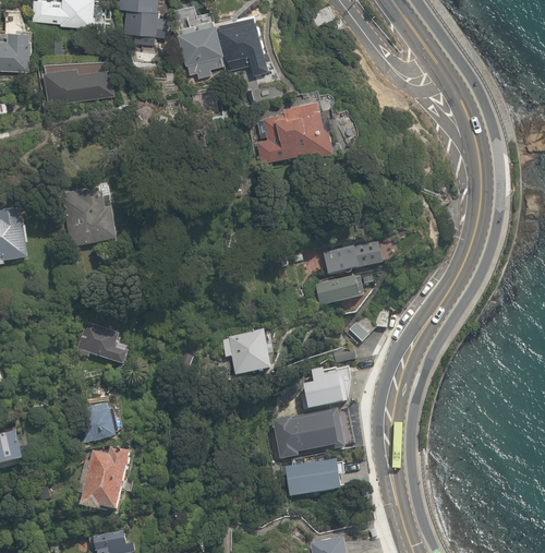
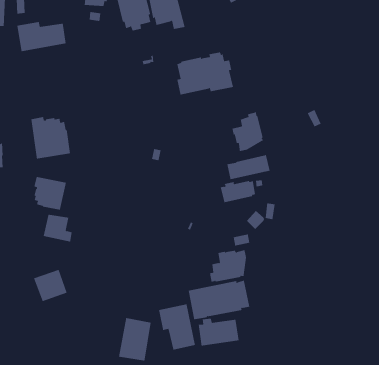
building: none -> [232,112,264,152]
building: none -> [34,176,66,211]
building: [222,330,272,376] -> none
building: none -> [159,303,195,350]
building: [75,444,120,502] -> [118,318,152,361]

